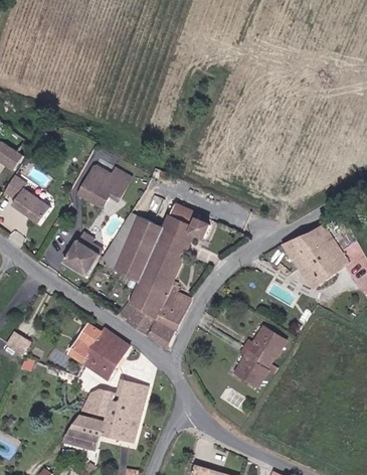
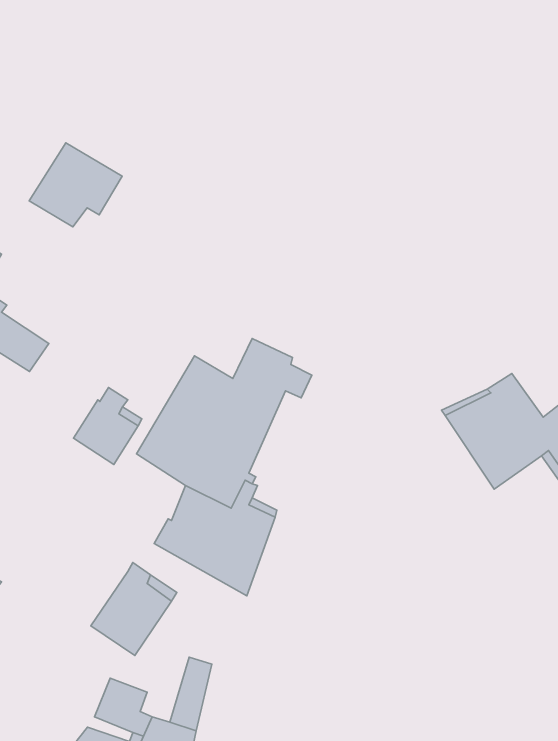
building: [82,156,136,204] -> [29,143,122,227]
building: [66,327,99,366] -> none
building: [230,327,283,388] -> none
building: [88,381,134,422] -> none

